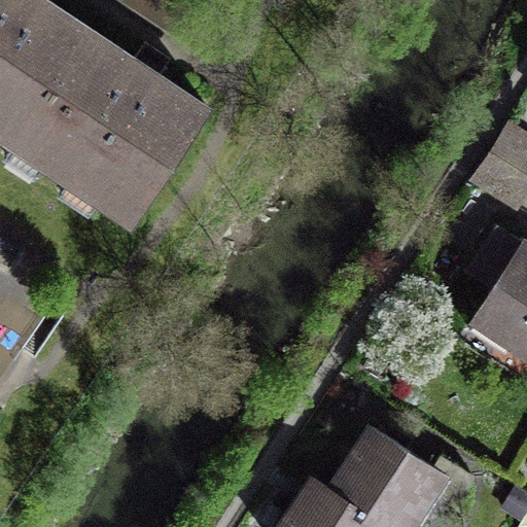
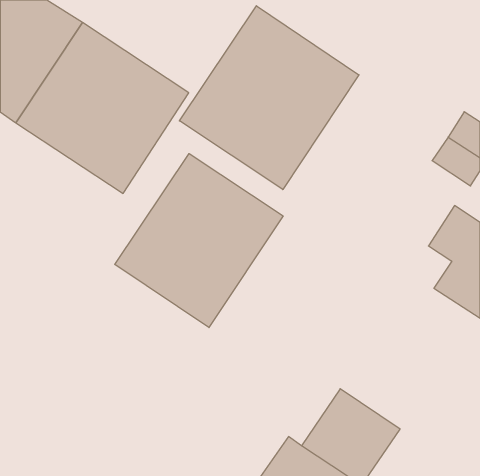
building: none -> [179,6,359,190]
building: none -> [115,154,283,328]

